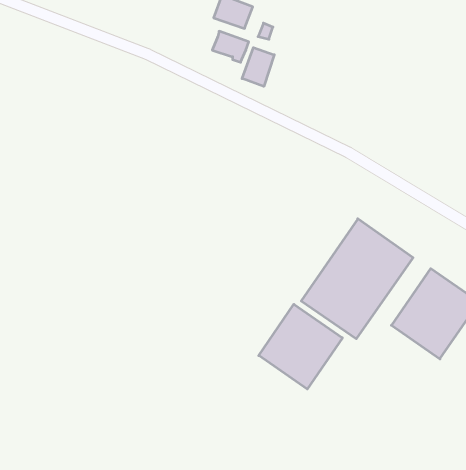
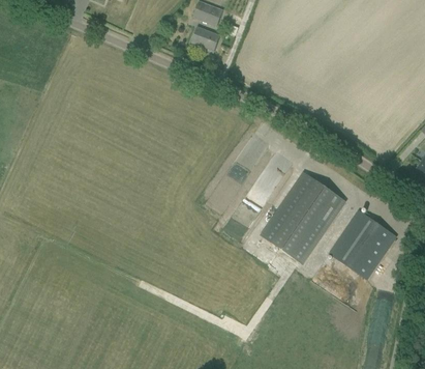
building: [242,48,274,86] -> none
building: [259,304,342,389] -> none

